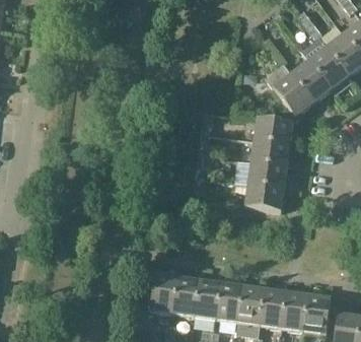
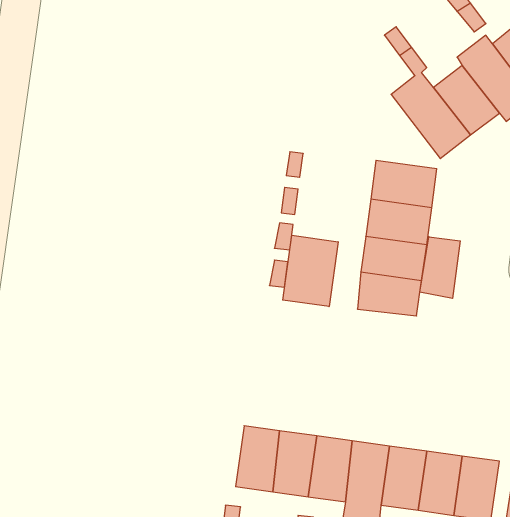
building: none -> [283,235,338,307]
building: none -> [420,237,460,298]
building: [150,272,177,312] -> none

